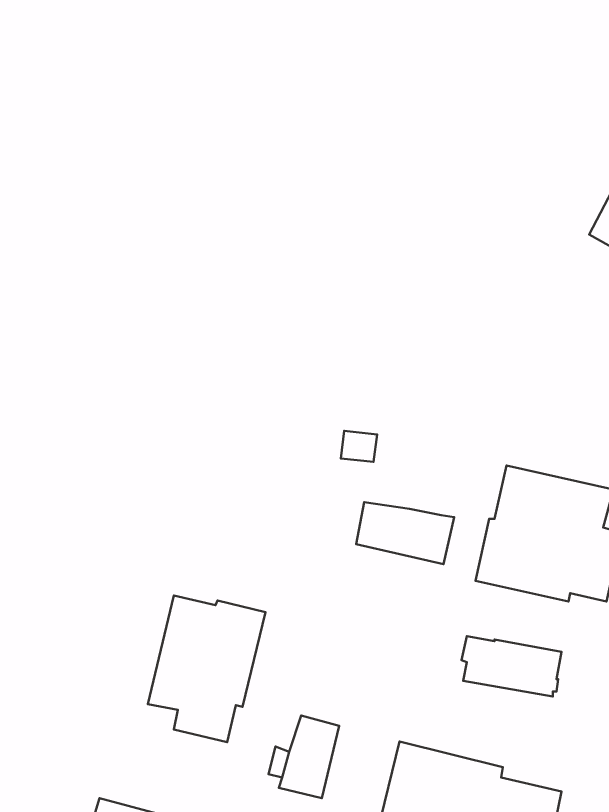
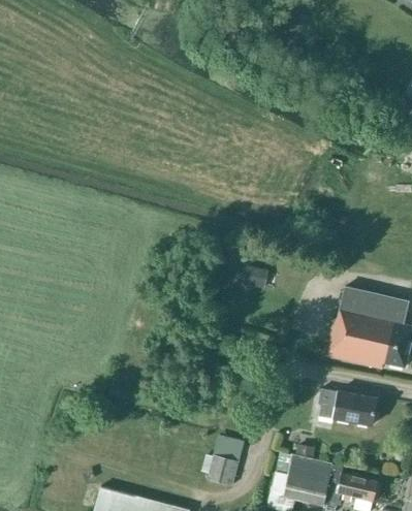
building: [356,502,454,564] -> none
building: [148,595,265,742] -> none

